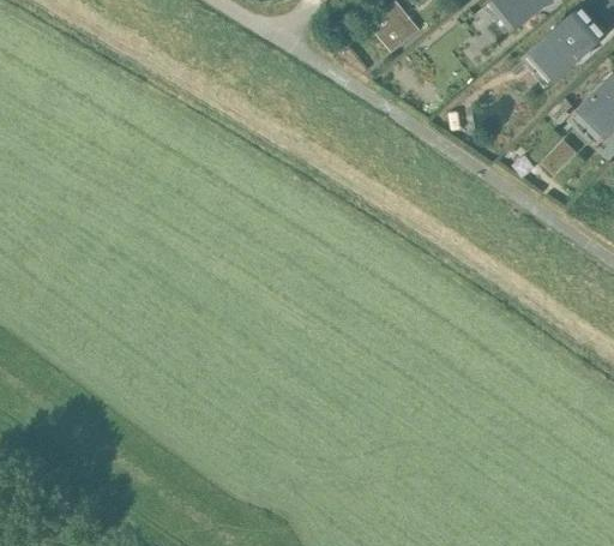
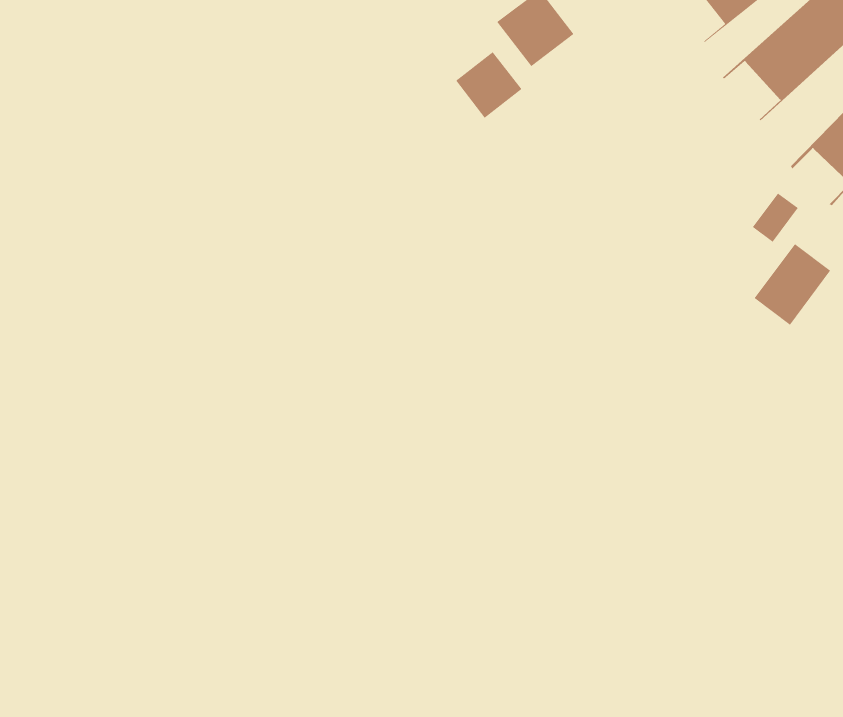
building: none -> [455,51,522,119]
building: none -> [754,243,831,326]

